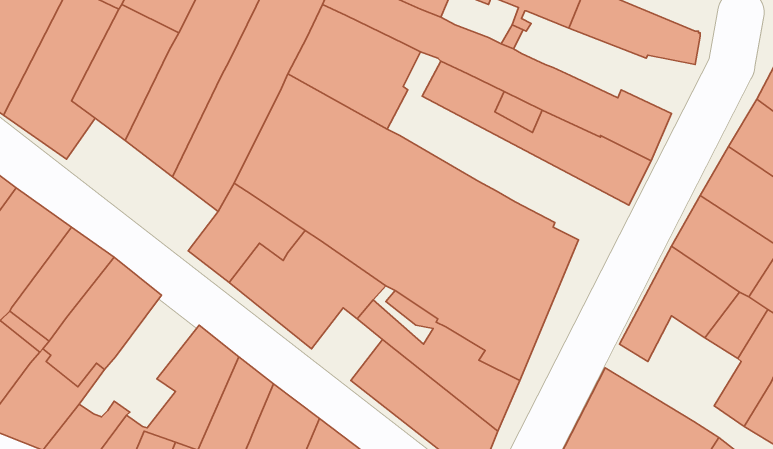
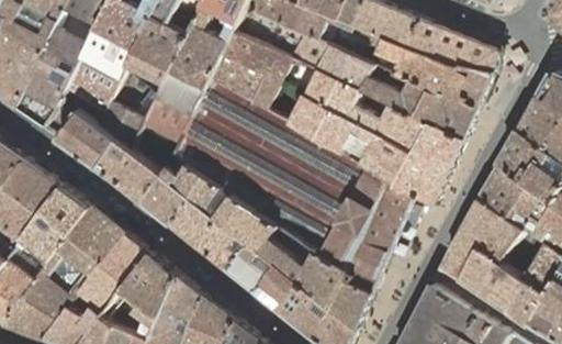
building: none -> [372,35,493,107]
building: none -> [288,95,447,204]
building: none -> [56,110,161,202]
building: none -> [77,233,148,311]
building: none -> [226,242,276,292]
building: none -> [460,247,525,310]

